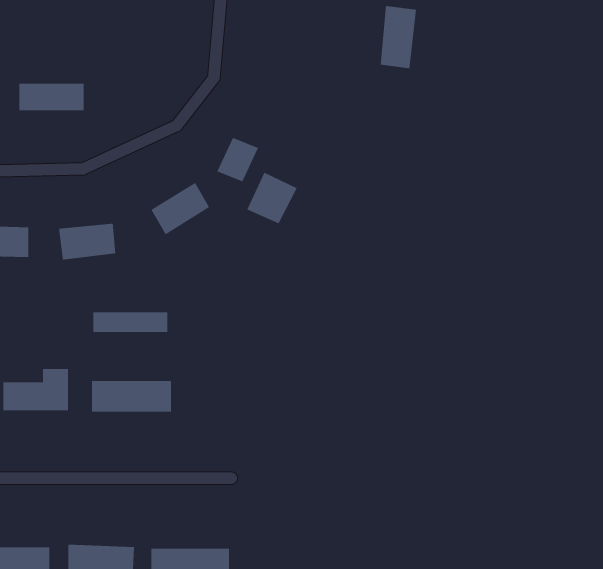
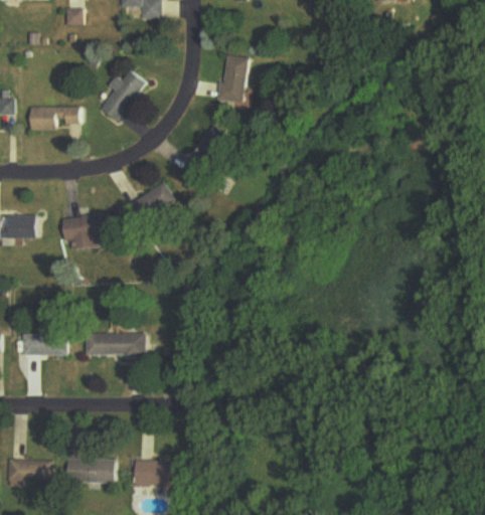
building: [380,5,417,69] -> [219,54,248,103]
building: none -> [100,68,146,121]
building: [247,172,297,224] -> none
building: [93,312,168,333] -> none

